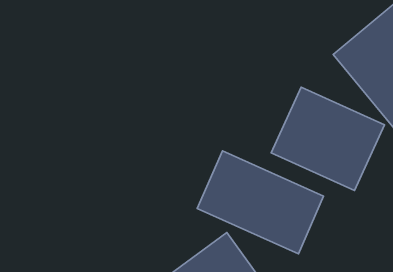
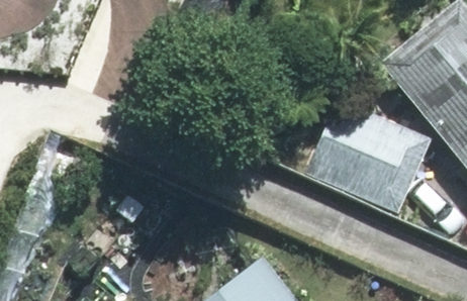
building: [197,151,324,254] -> none

